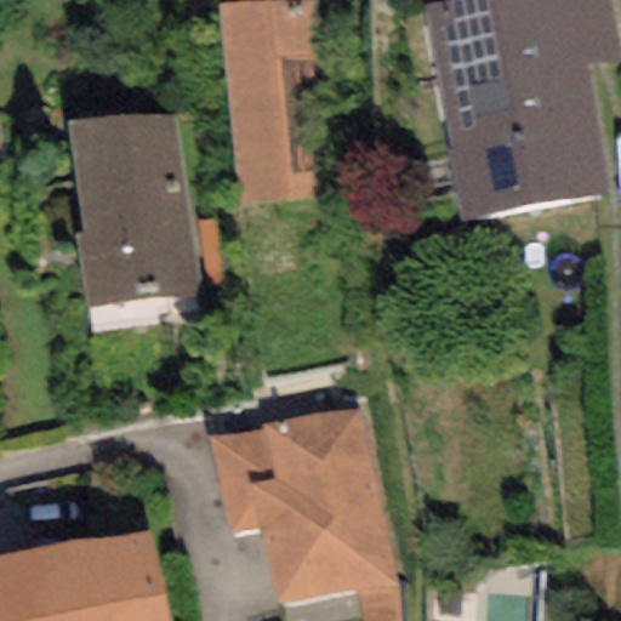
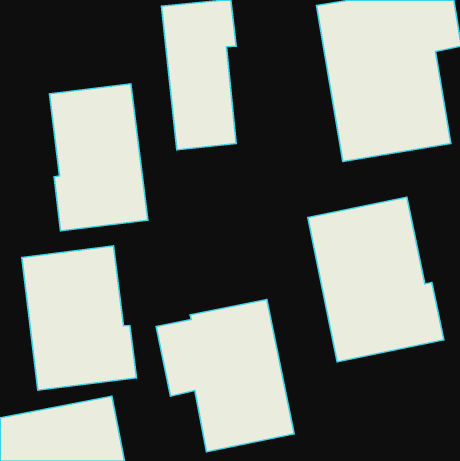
building: none -> [308,197,444,362]
building: none -> [22,246,137,390]

